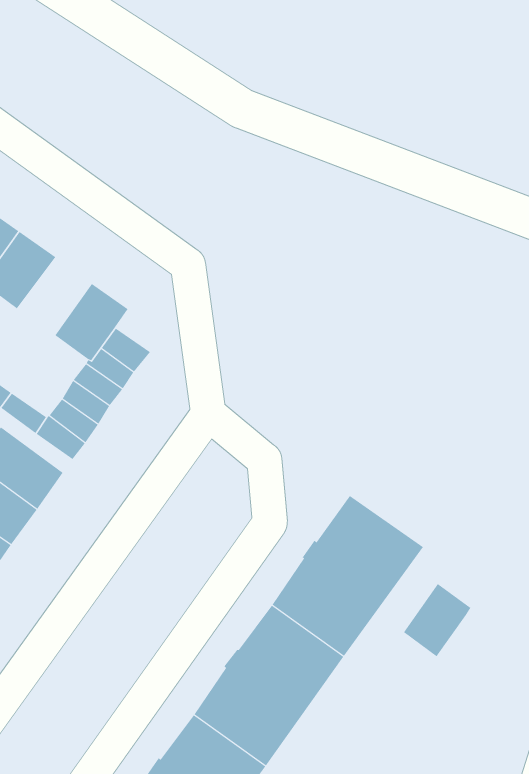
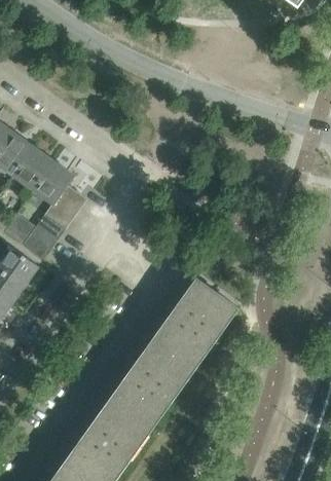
building: none -> [12,147,53,190]
building: [403,583,471,657] -> none

